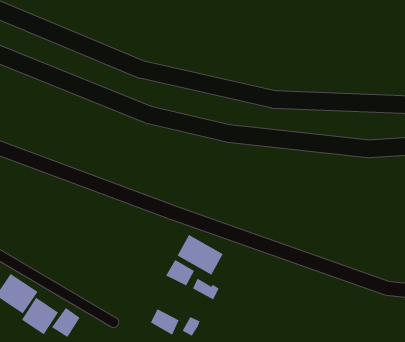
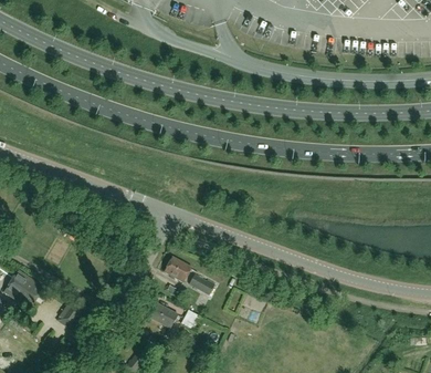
building: [177,234,223,275] -> none
building: [21,297,59,335] -> none

